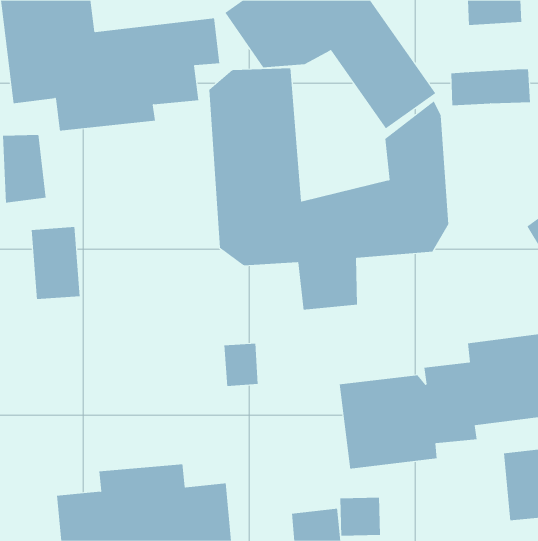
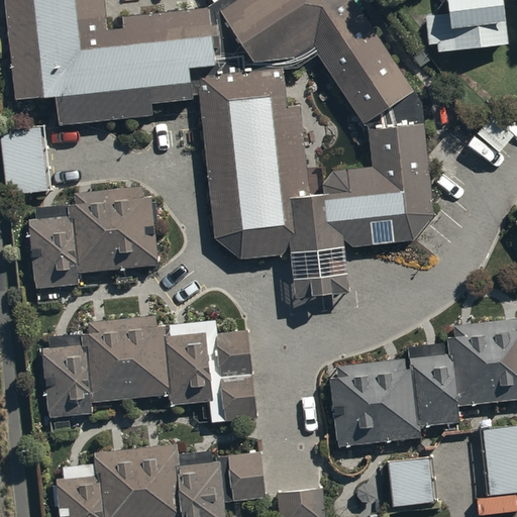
building: [450,69,531,106] -> [432,21,509,57]
building: none -> [77,188,154,271]
building: none -> [41,316,210,414]
building: none -> [219,377,254,422]
building: none -> [221,445,271,497]
building: [340,497,381,536] -> [389,467,428,504]

